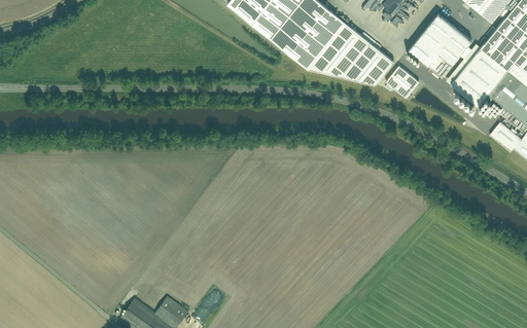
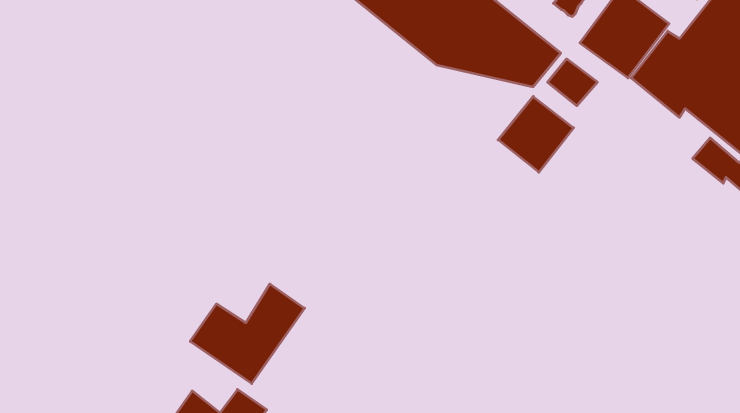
building: none -> [498,96,574,172]
building: none -> [190,284,305,384]

